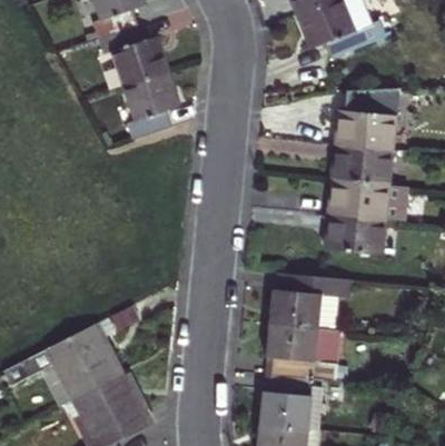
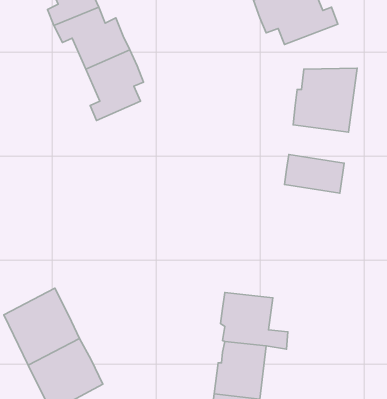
building: [337,147,399,187] -> none
building: [327,209,390,257] -> none
building: [270,270,344,327] -> none

